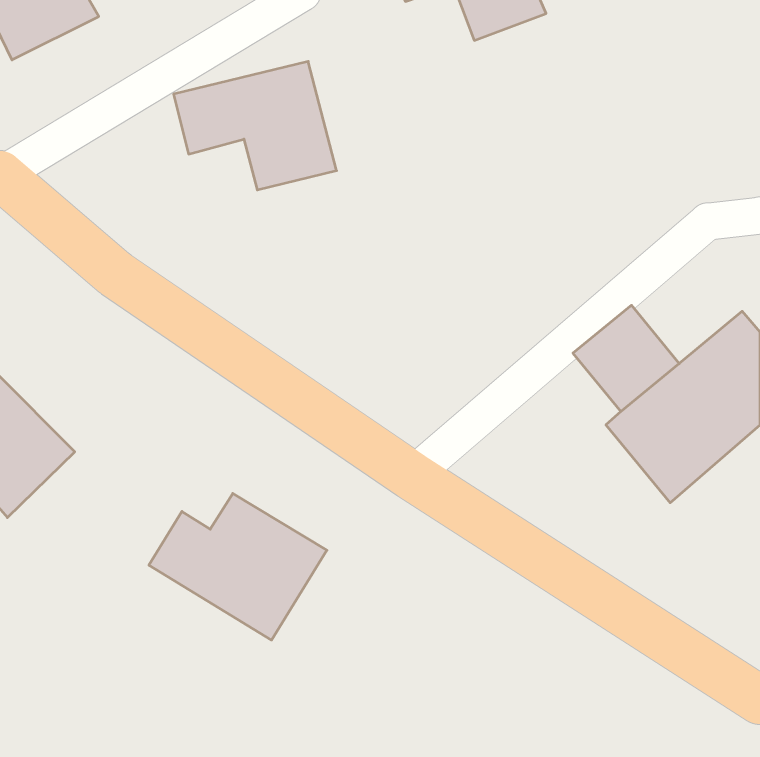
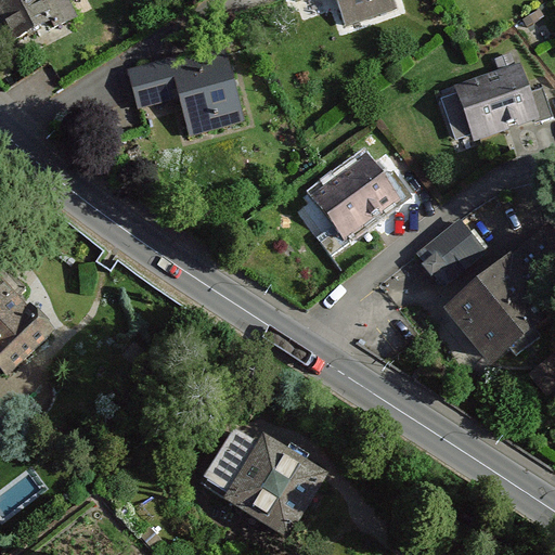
building: none -> [453,64,533,141]
building: none -> [306,153,399,243]
building: [149,493,327,640] -> [198,428,327,534]

